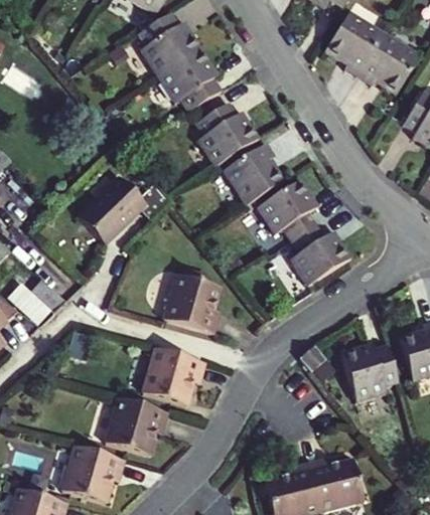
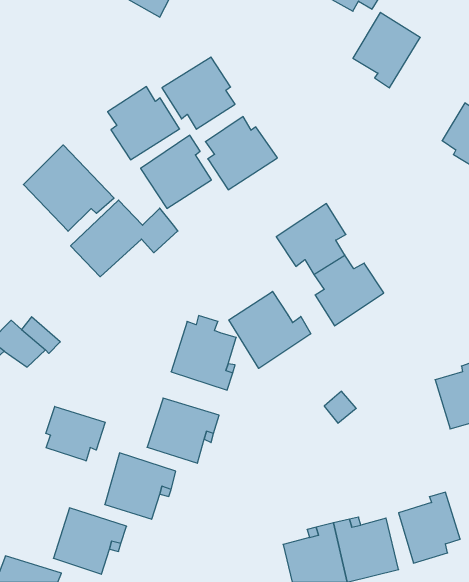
building: [136,13,199,77] -> [108,87,180,160]
building: [356,33,419,95] -> none
building: none -> [23,145,114,231]
building: [222,142,284,206] -> [141,135,211,208]
building: none -> [229,291,311,368]
building: [343,338,398,400] -> [399,492,460,563]
building: none -> [46,406,105,461]

